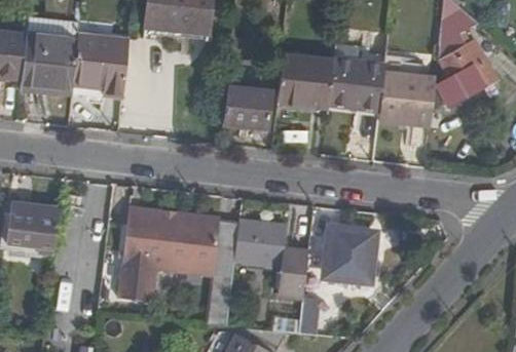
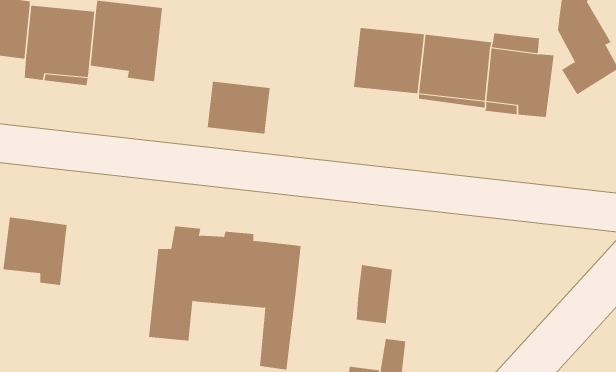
building: [223,87,272,128] -> [207,81,270,134]
building: [234,216,286,265] -> none
building: [327,229,373,279] -> none

